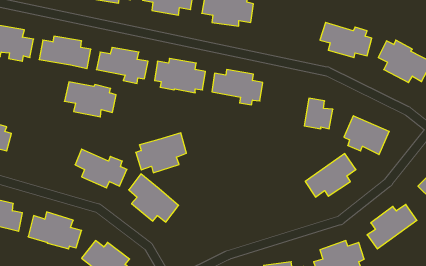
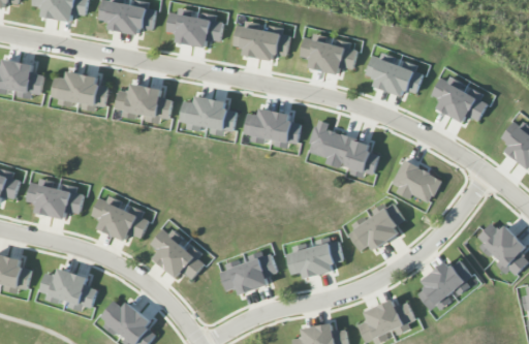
building: none -> [300,35,357,74]
building: none -> [308,119,353,167]
building: [64,82,116,117] -> [26,180,84,219]
building: [136,133,186,173] -> [220,250,277,294]
building: none -> [285,238,343,278]

